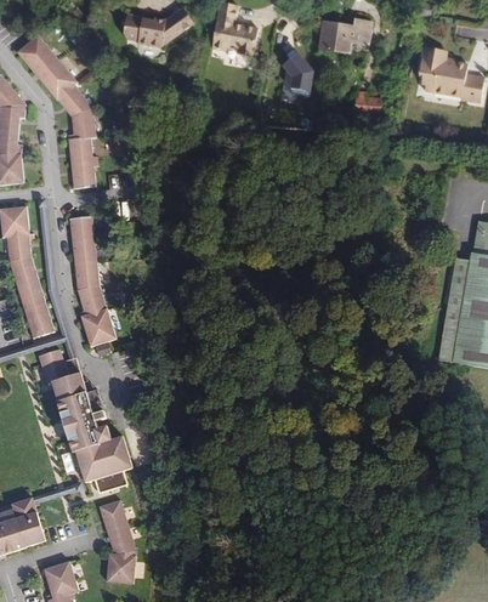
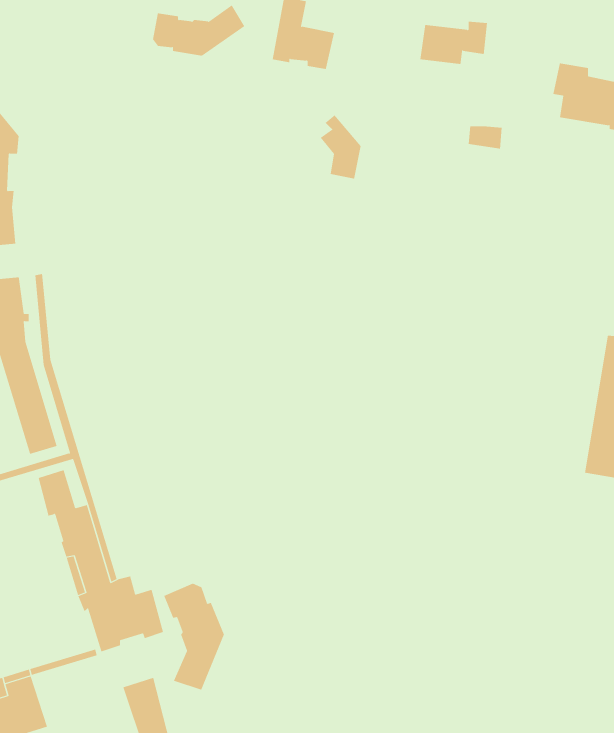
building: [17,35,97,188] -> none
building: [280,49,311,96] -> [320,114,361,179]
building: [69,217,115,346] -> none
building: none -> [164,583,225,690]

